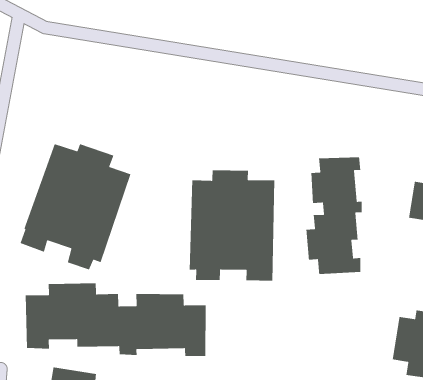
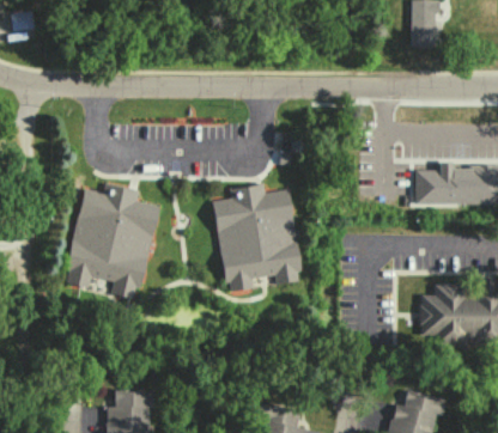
building: [305,157,363,275] -> none
building: [25,283,206,357] -> none

